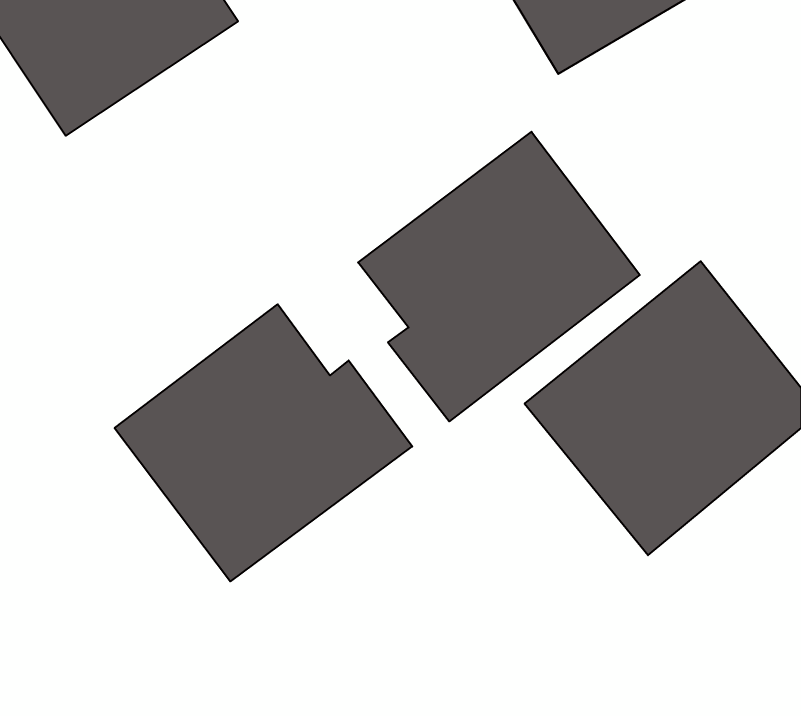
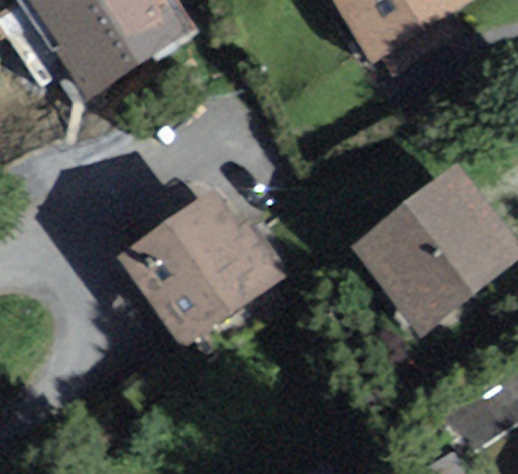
building: [358,132,640,421] -> none

